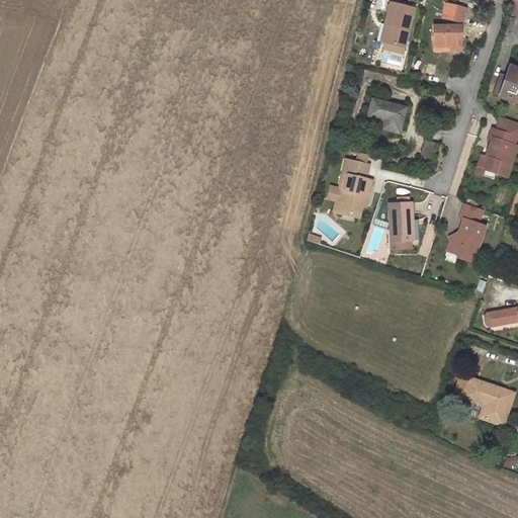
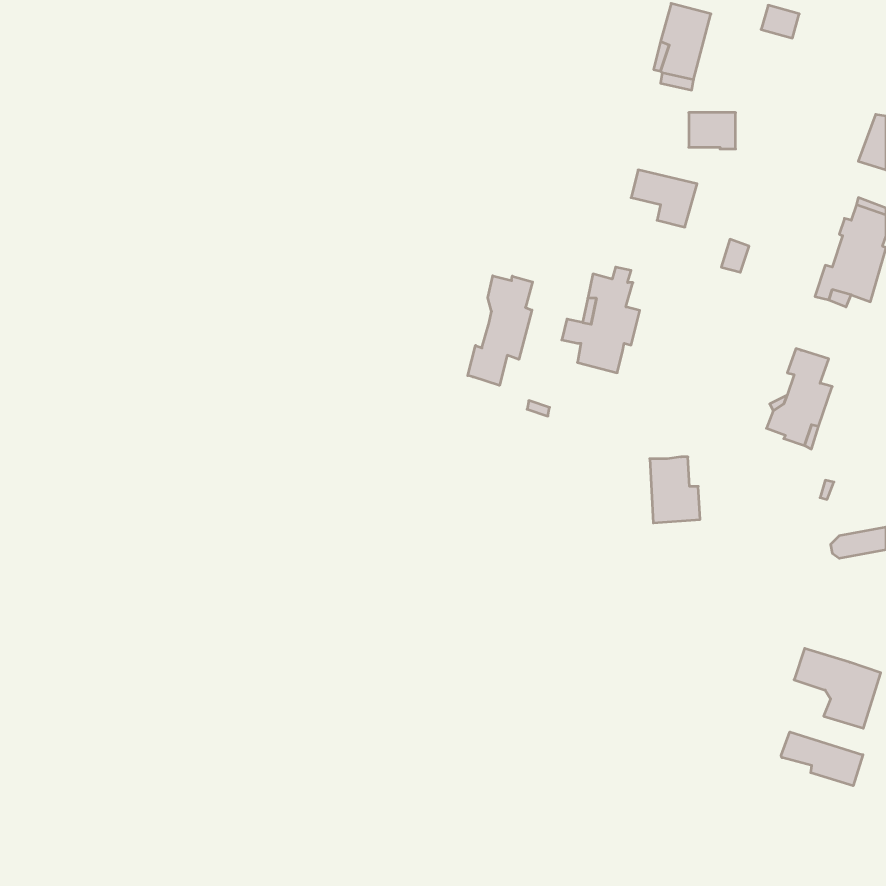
building: [434,26,461,48] -> [689,113,736,149]
building: none -> [468,276,533,385]
building: [390,202,419,241] -> [650,457,700,523]
building: none -> [781,732,863,786]

